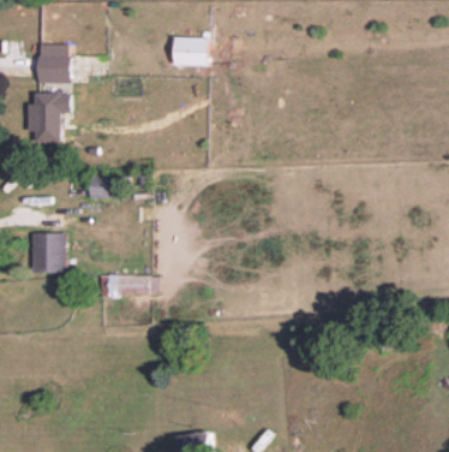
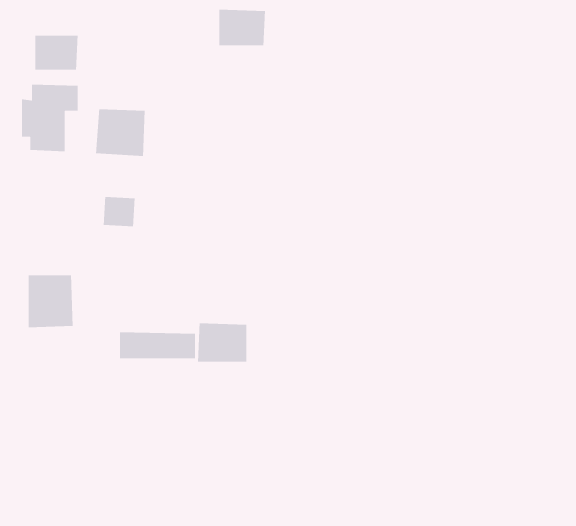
building: none -> [95,109,146,157]
building: none -> [197,323,247,362]

